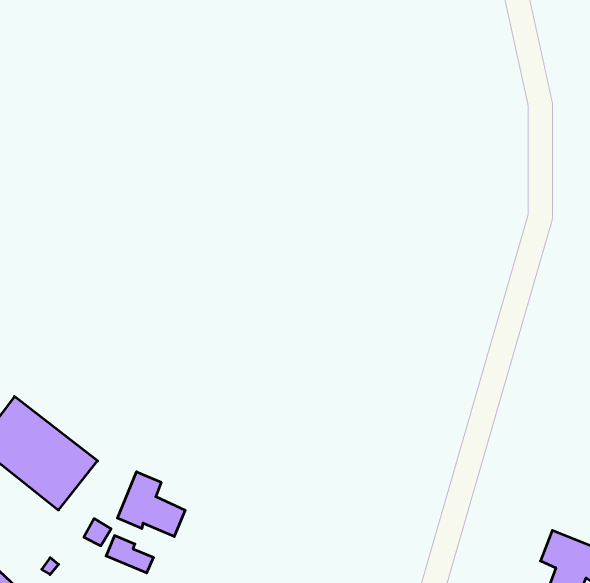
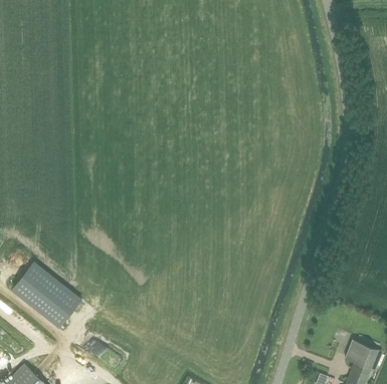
building: [117,472,185,537] -> none

